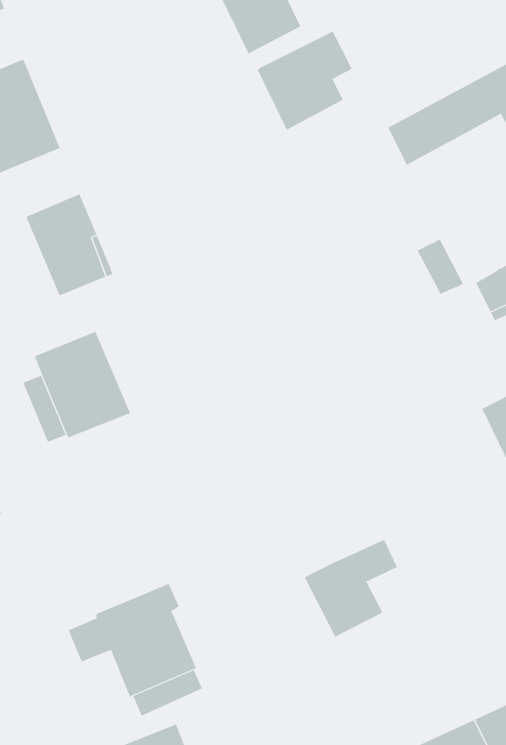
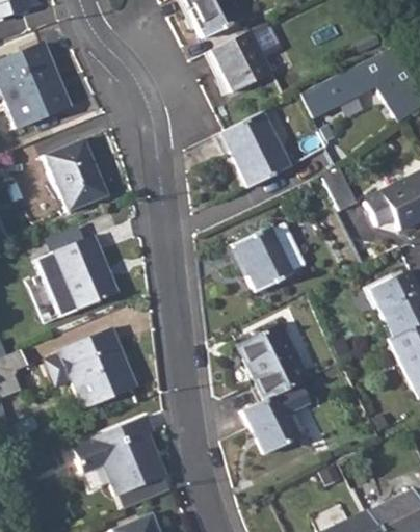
building: none -> [220,111,289,187]
building: none -> [232,222,305,292]
building: none -> [236,323,308,400]
building: none -> [46,329,137,408]

